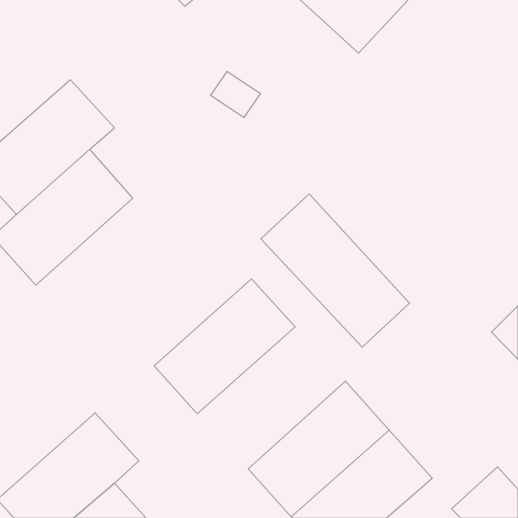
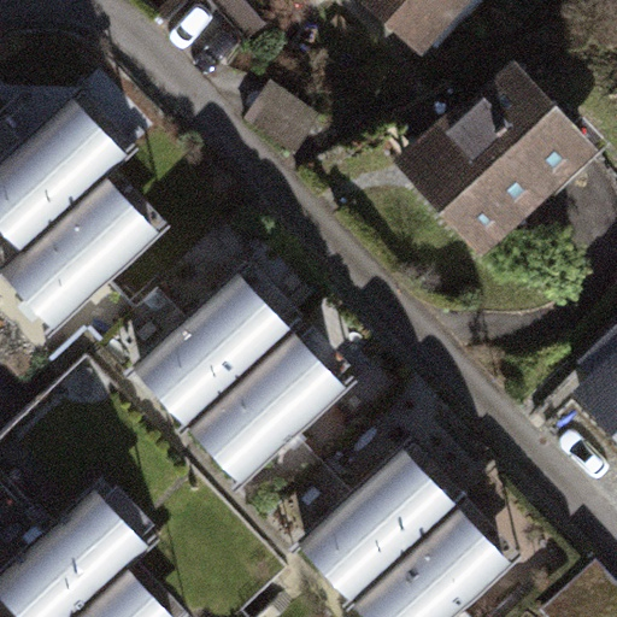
building: none -> [400,65,597,258]
building: [261,194,410,347] -> none
building: none -> [130,271,296,431]

